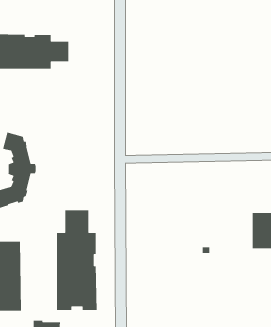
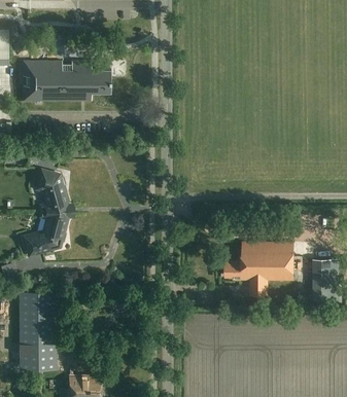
building: none -> [224,242,292,294]
building: [56,210,98,311] -> none

